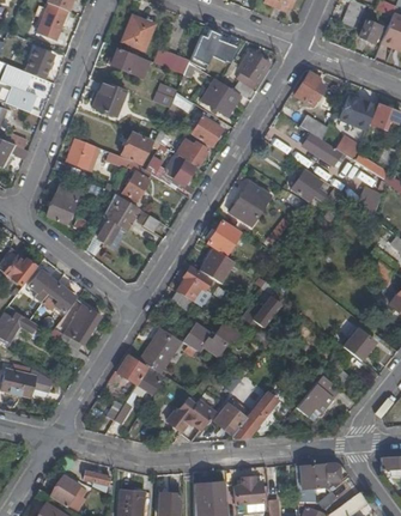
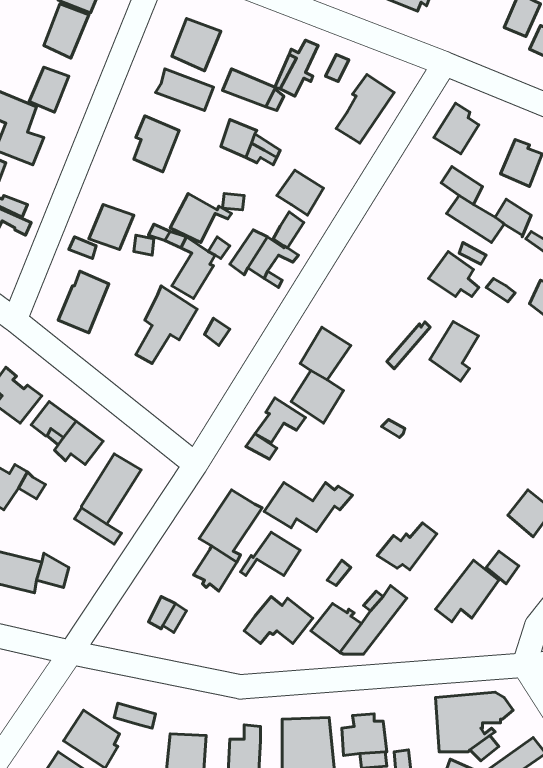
building: [202,80,241,115] -> none
building: [231,188,263,227] -> [430,322,479,381]
building: [242,296,281,327] -> [377,523,437,570]
building: [108,356,147,384] -> [240,532,300,575]

